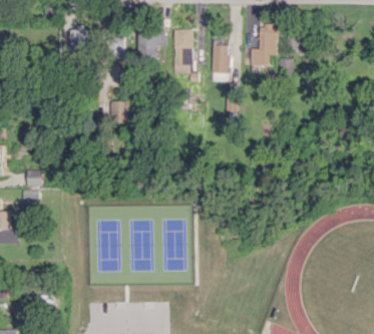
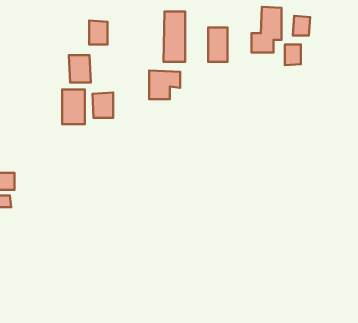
building: [68,26,87,50] -> [69,55,91,83]
building: [137,30,164,55] -> [149,71,180,99]
building: none -> [62,89,85,124]

